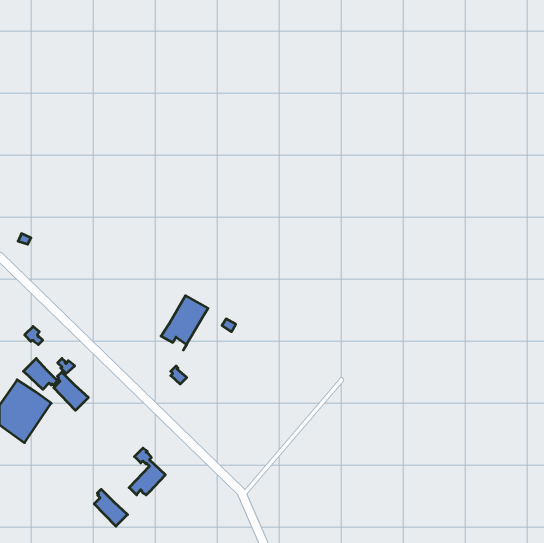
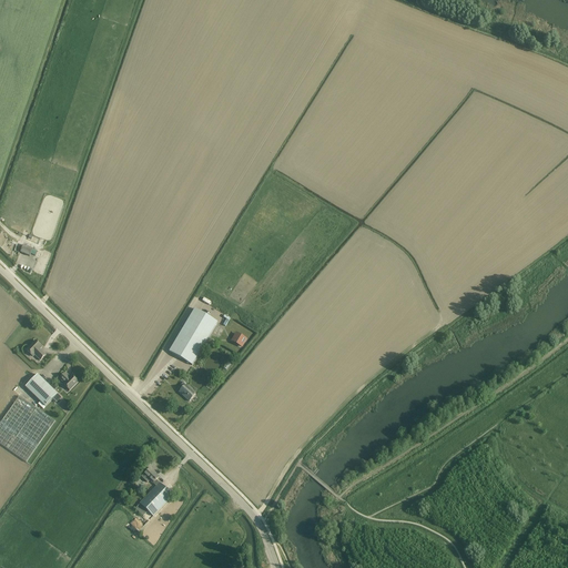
building: [54,372,88,410] -> none
building: [94,489,128,526] -> none

